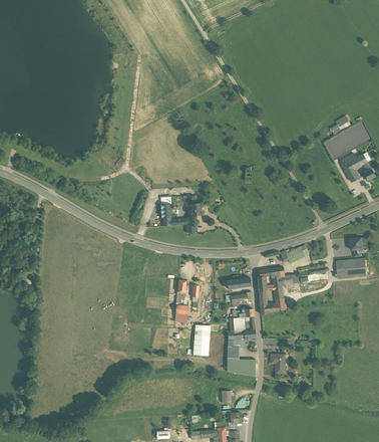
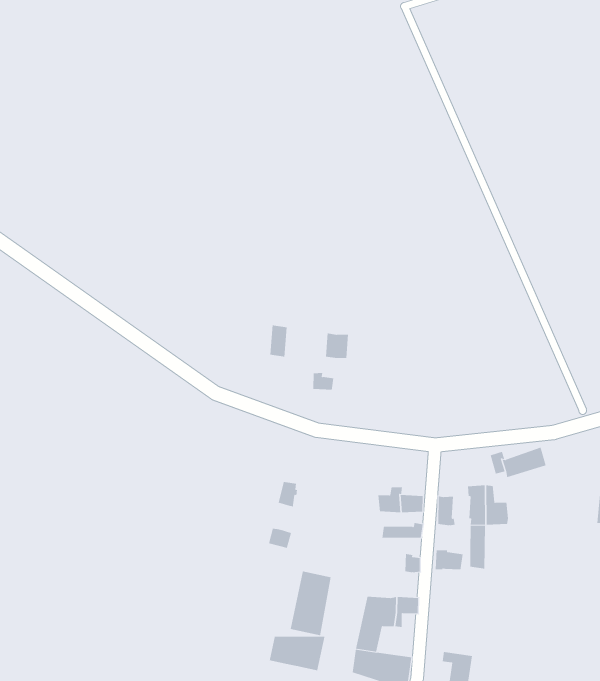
building: none -> [269,636,325,671]

